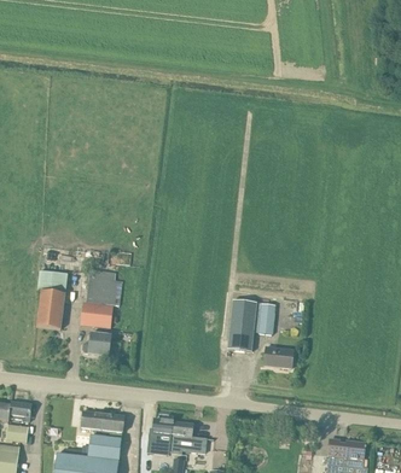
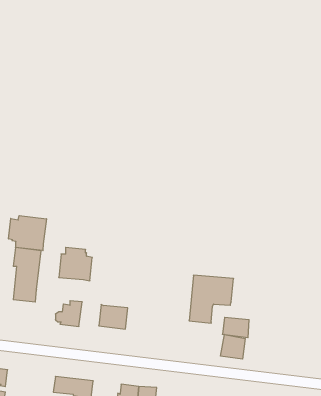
building: none -> [9,216,46,251]
building: [81,302,112,328] -> [99,305,128,329]
building: none -> [221,334,245,359]

